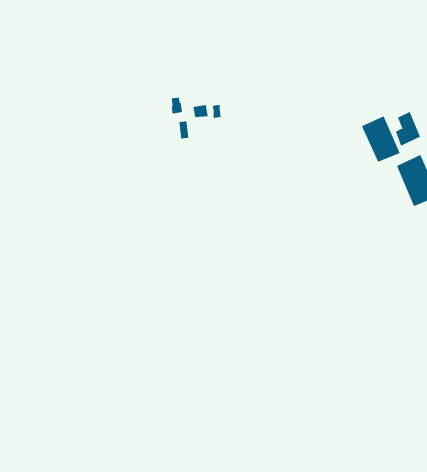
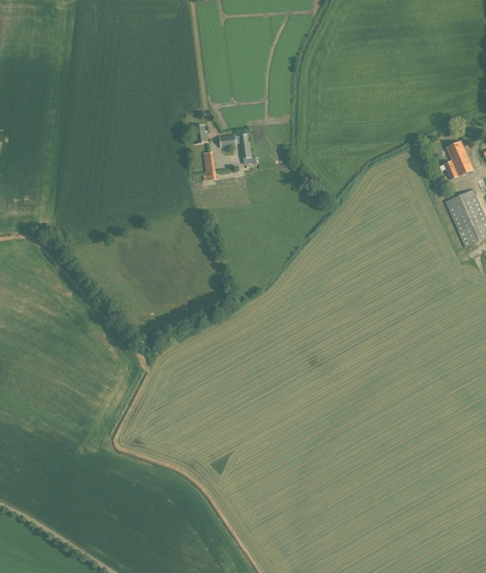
building: [361,115,400,163] -> none

